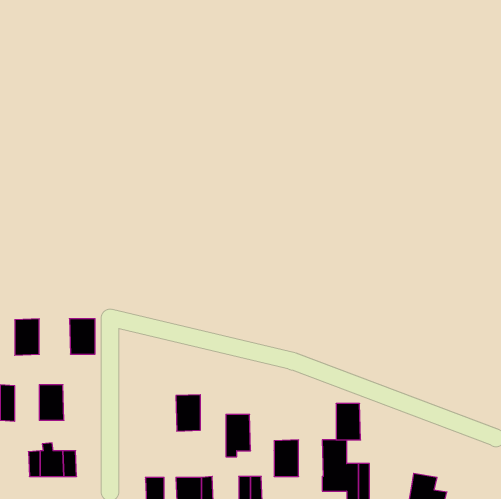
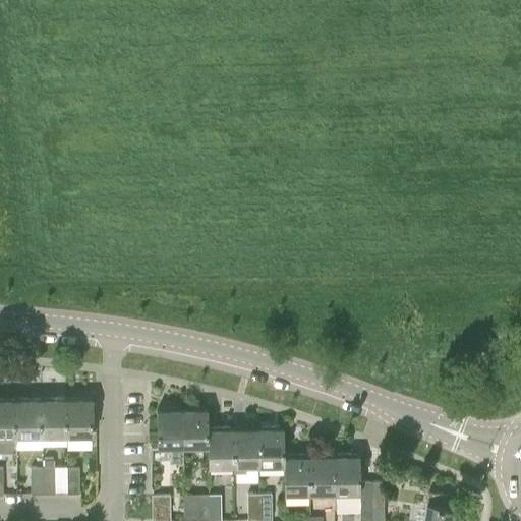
building: [69,319,95,354] -> [66,402,93,439]
building: [15,319,39,355] -> [16,402,42,440]
building: none -> [152,413,184,466]
building: [336,404,361,440] -> [310,459,336,497]
building: none -> [259,431,285,470]
building: none -> [209,432,235,471]

